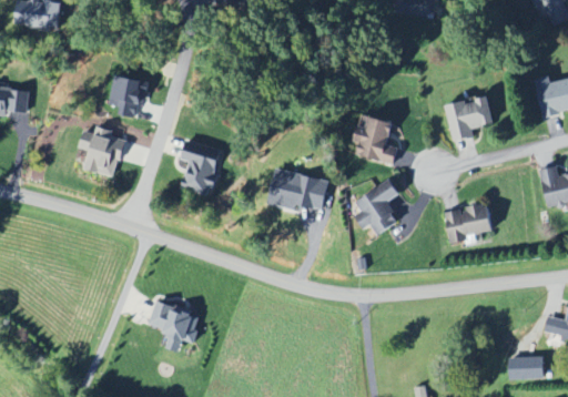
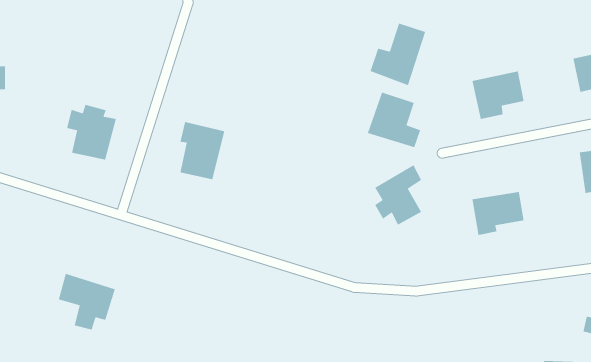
building: none -> [370,22,426,86]
building: [109,73,144,118] -> none
building: [267,169,329,211] -> none
building: [149,299,201,352] -> [58,273,116,331]

